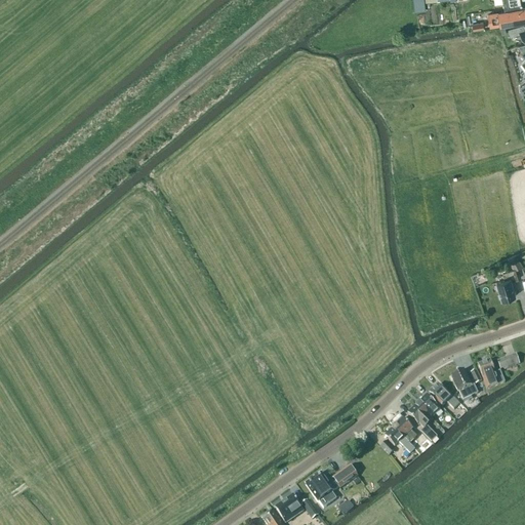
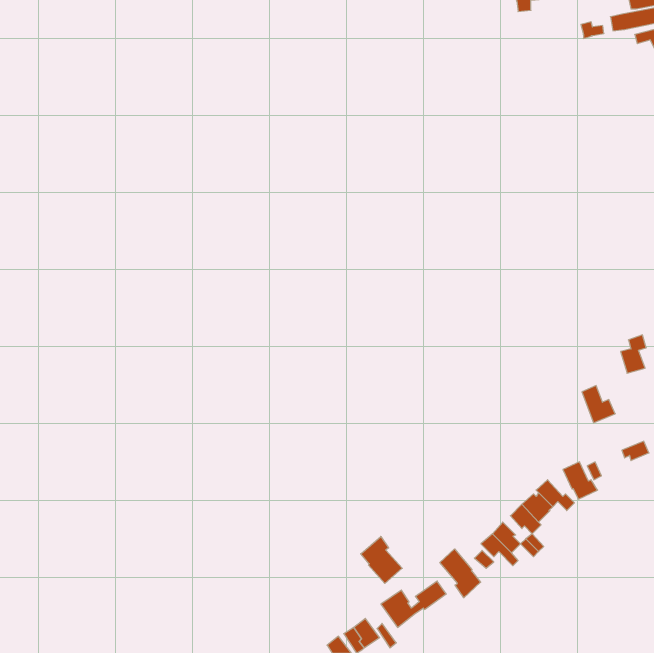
building: [479,359,506,389] -> [582,386,615,423]
building: none -> [361,536,402,583]
building: none -> [440,549,481,598]

